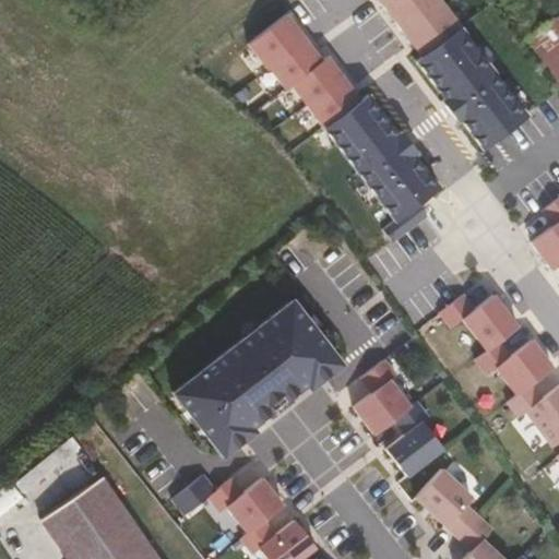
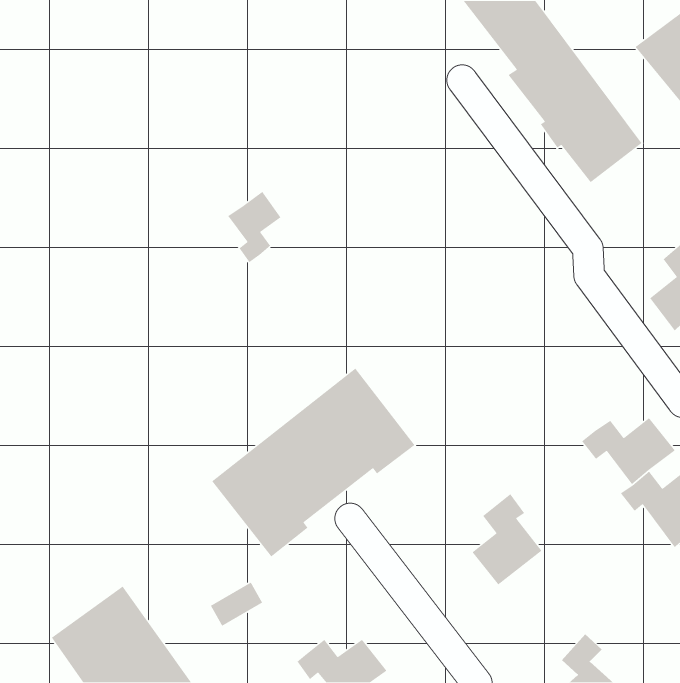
building: [250,15,440,242] -> none
building: none -> [227,191,281,263]
building: [441,296,520,352] -> none
building: [356,361,413,437] -> none
building: [417,469,480,539] -> none
building: [212,479,287,535] -> none

